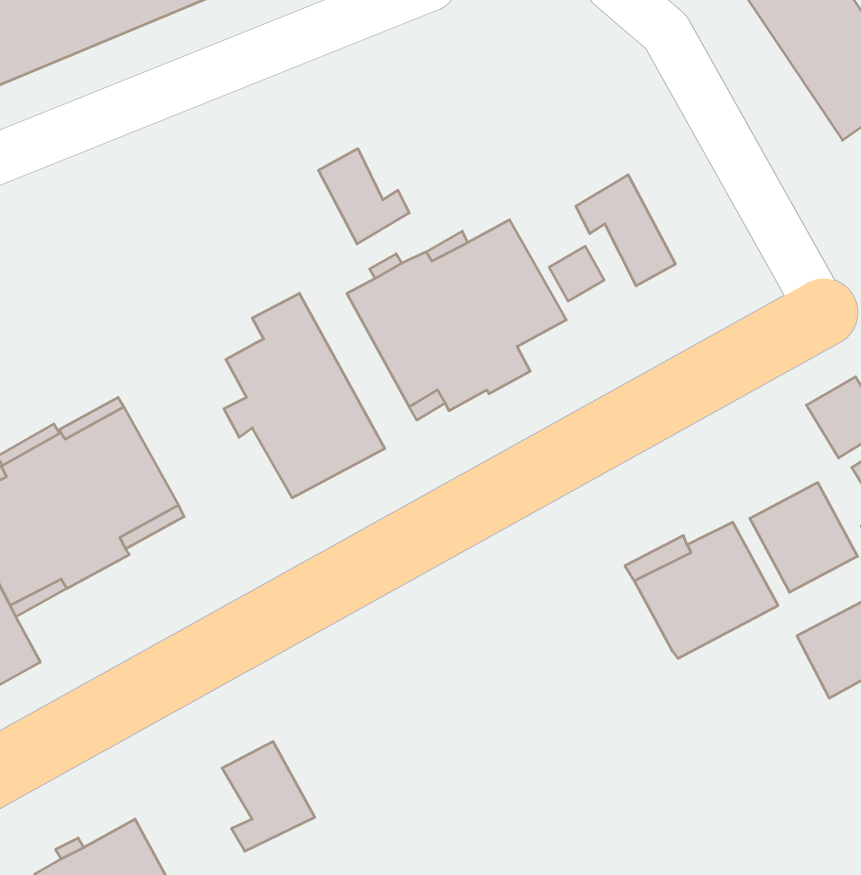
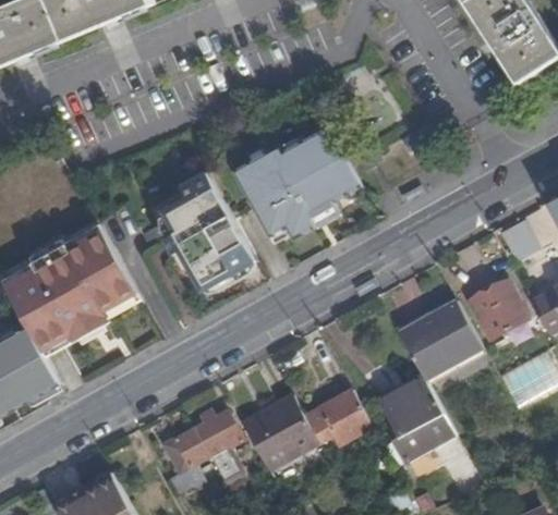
building: [318,149,409,244] -> none
building: [576,175,675,286] -> none
building: none -> [377,376,453,461]
building: none -> [318,390,372,442]
building: none -> [238,392,316,466]
building: none -> [191,409,241,481]

